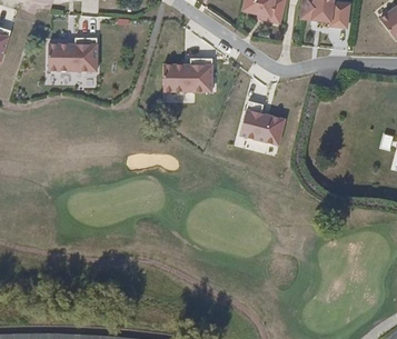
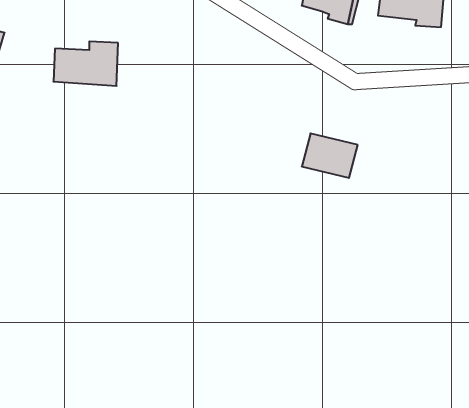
building: [162,62,214,92] -> none

